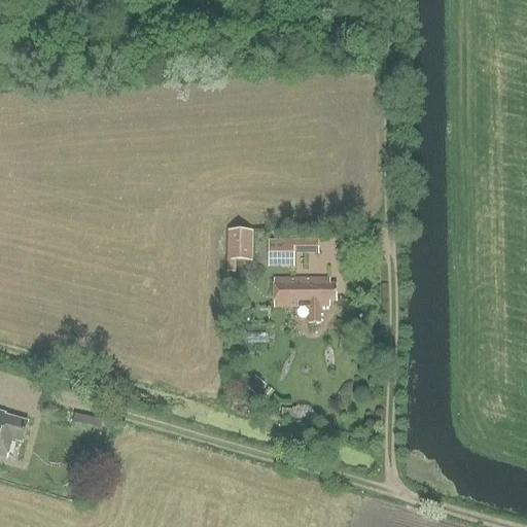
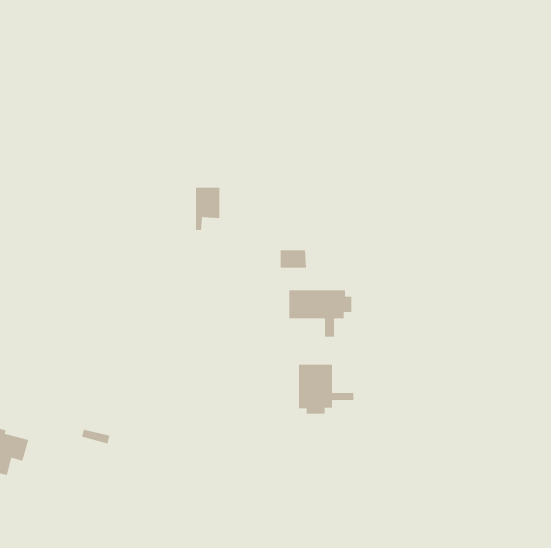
building: [227,229,251,270] -> [195,187,220,230]
building: none -> [299,364,354,414]

